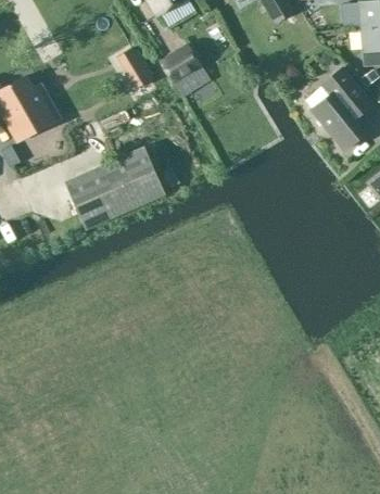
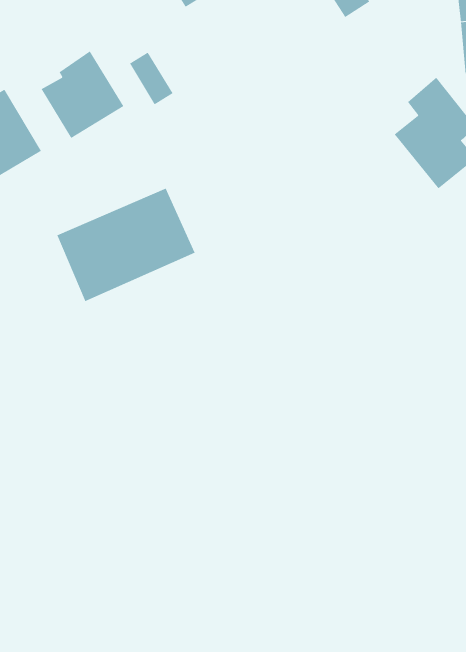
building: [162,43,210,96] -> none
building: none -> [41,51,124,139]

